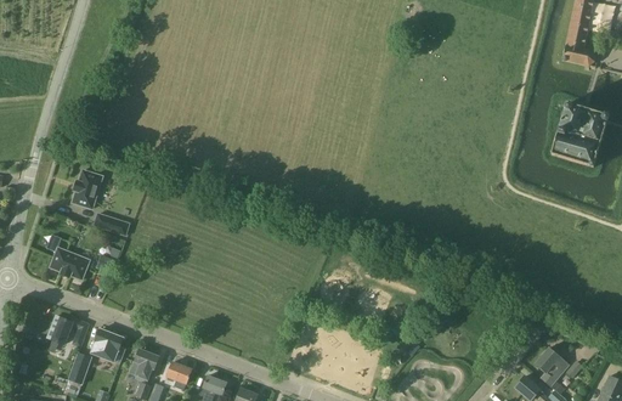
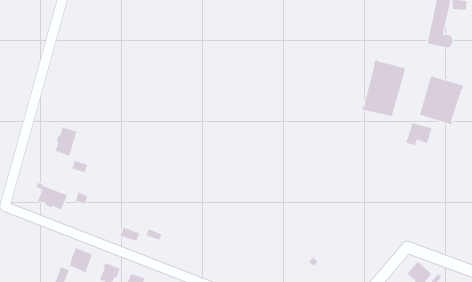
building: none -> [362,59,405,117]
building: none -> [406,122,432,146]
building: [47,316,89,346] -> none

